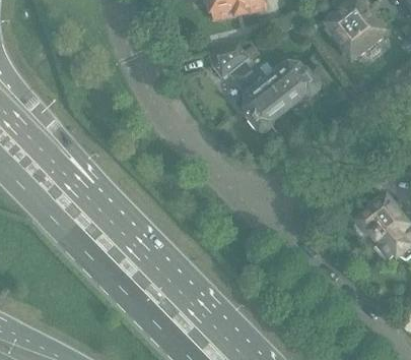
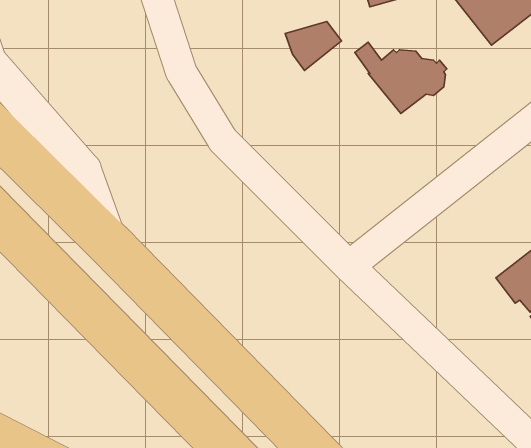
building: [233,59,288,130] -> none

